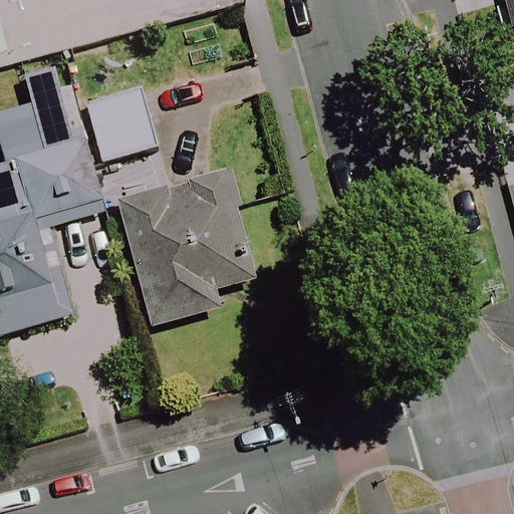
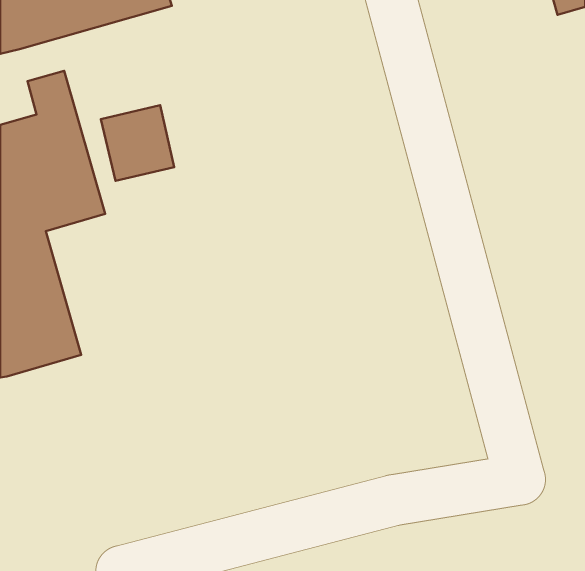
building: [118,171,252,324] -> none

